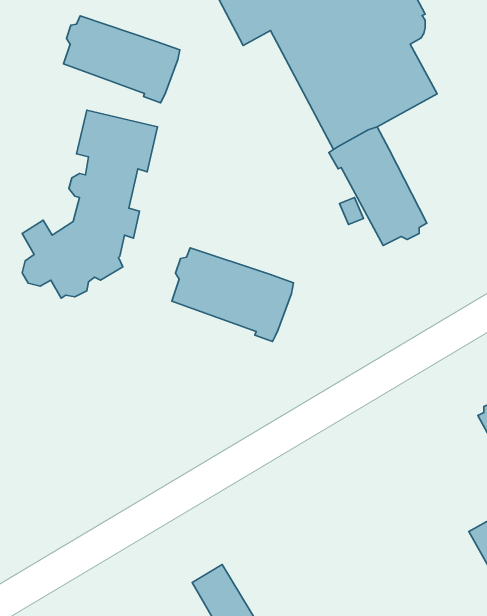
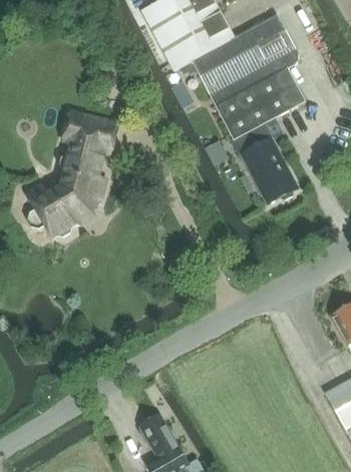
building: [63,16,180,103] -> none
building: [172,248,294,342] -> none

